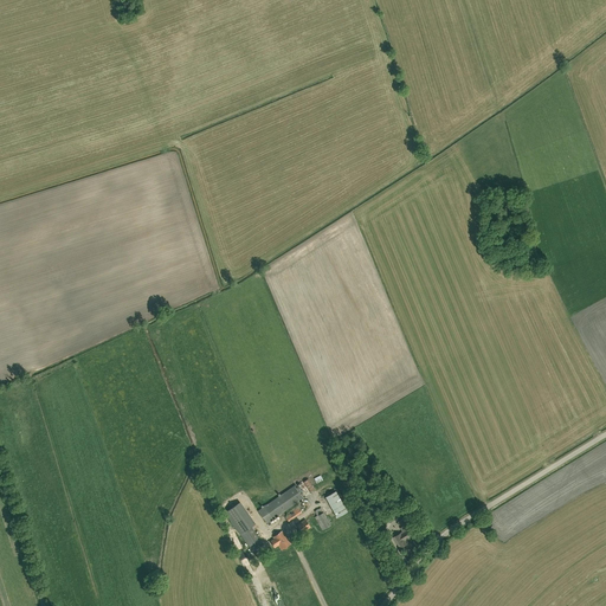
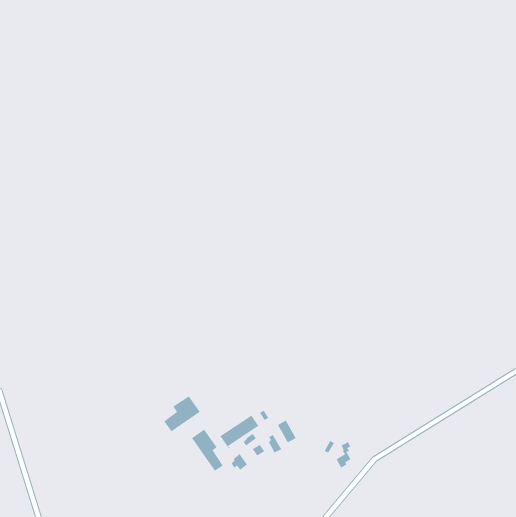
building: none -> [163,396,200,432]

